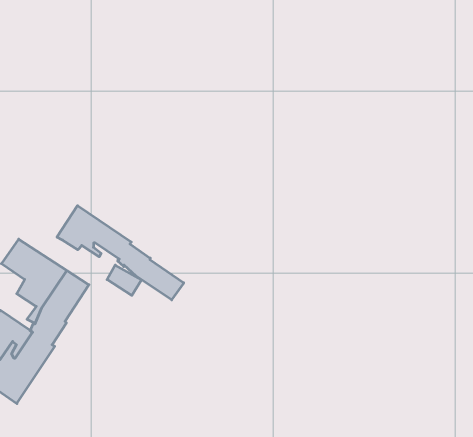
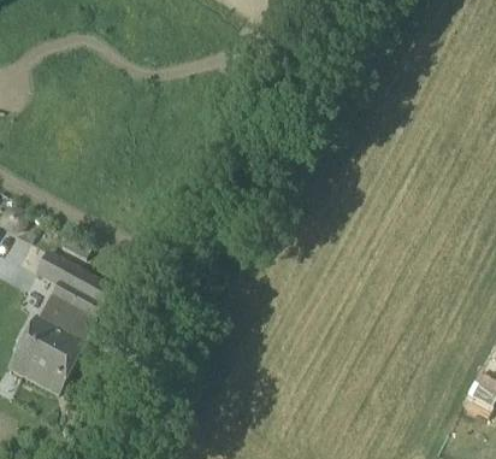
building: [57,206,184,300] -> none

